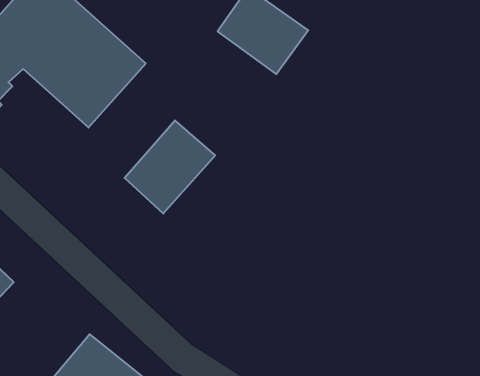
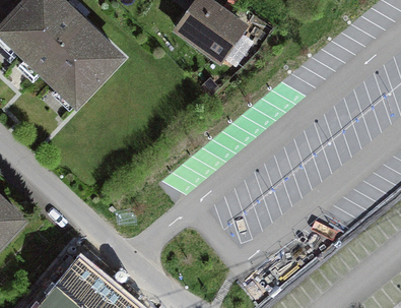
building: [124,120,215,214] -> none

